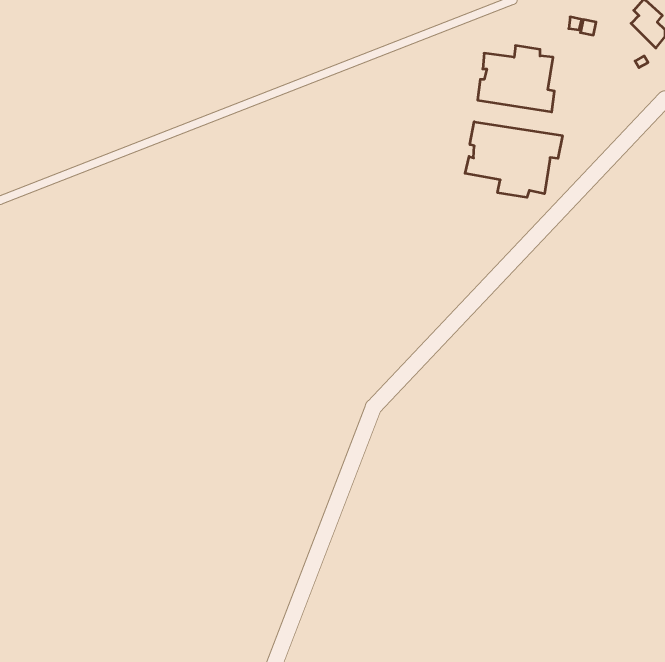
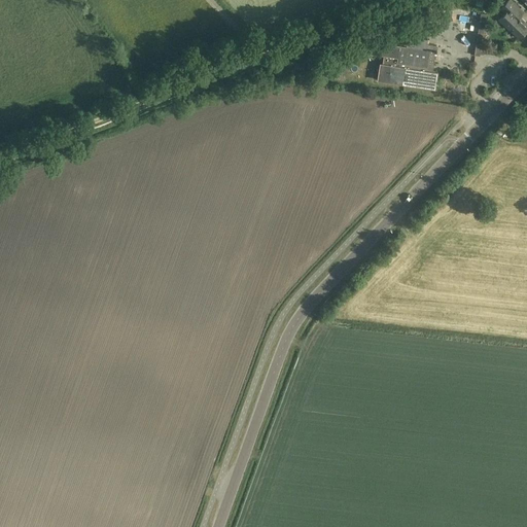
building: [465,122,562,197] -> none

